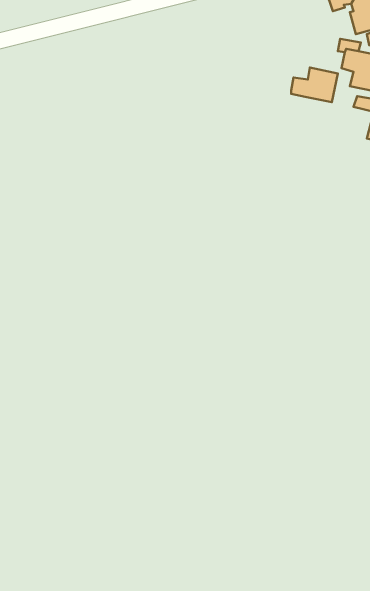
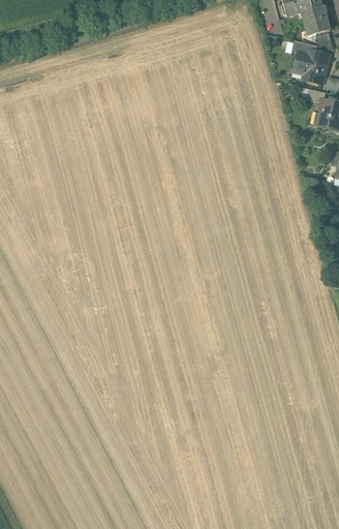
building: [291,67,338,102] -> none

